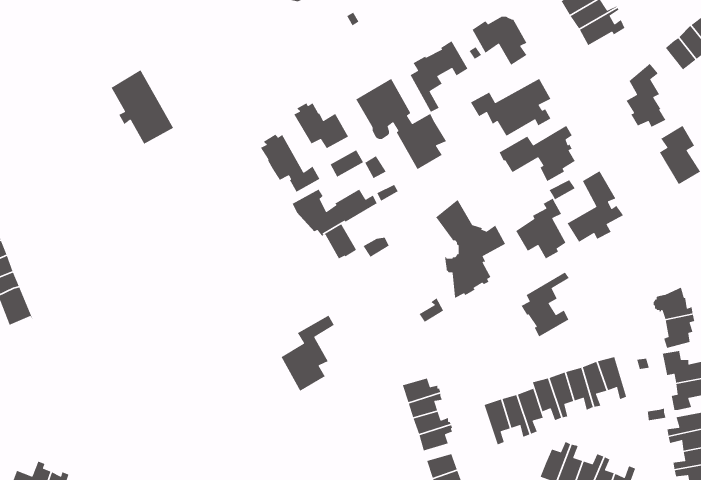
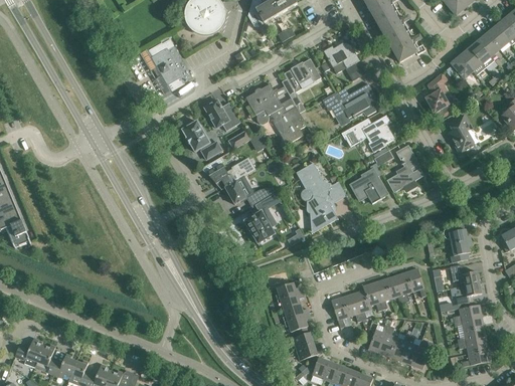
building: [111,69,174,145] -> [150,39,192,89]
building: [521,272,570,337] -> none
building: [280,315,335,392] -> [244,193,281,244]

